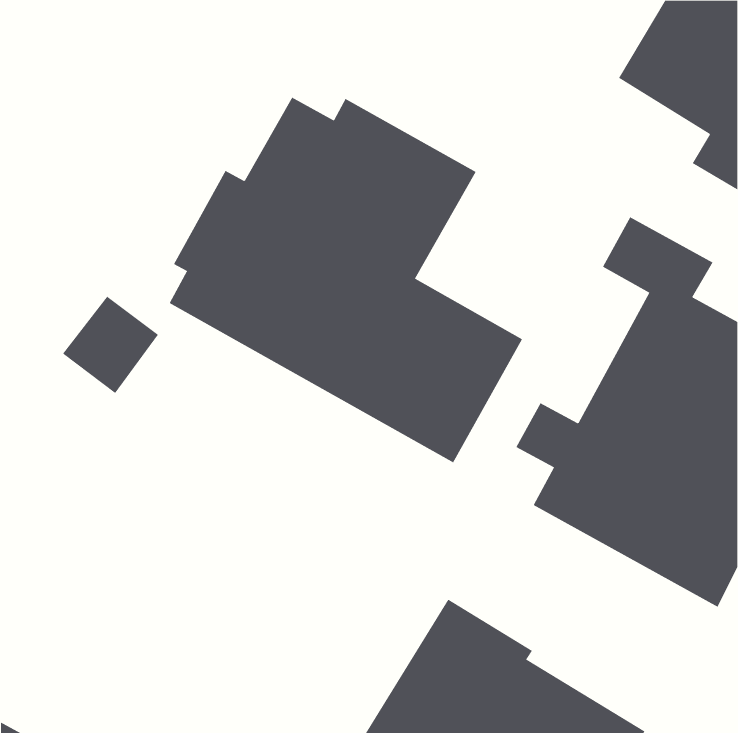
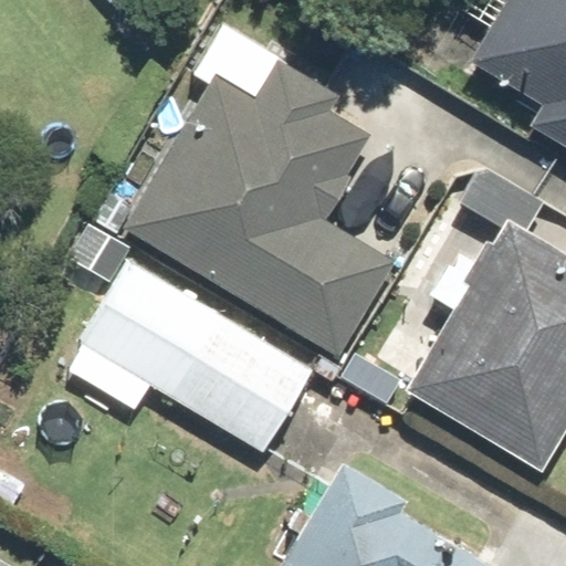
building: none -> [80,260,314,454]

